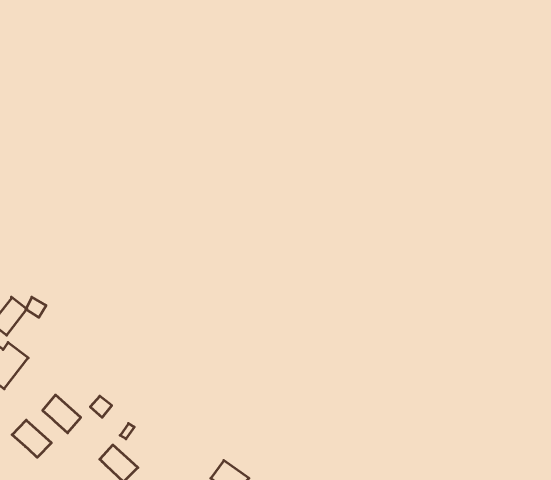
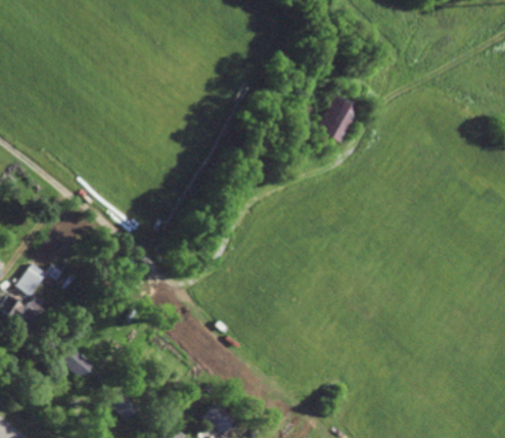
building: none -> [313,84,358,144]
building: [12,420,51,457] -> none

